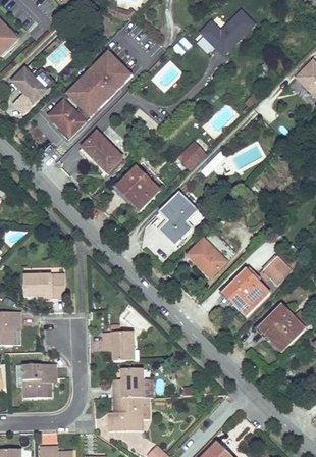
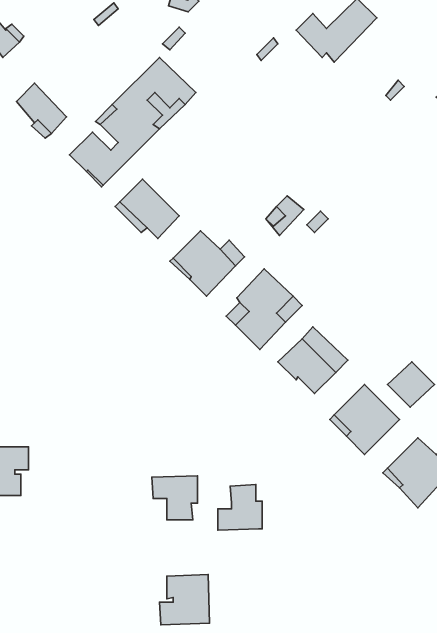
building: [23,273,65,297] -> none
building: [22,363,56,397] -> none
building: [113,367,143,398] -> [218,485,262,530]

